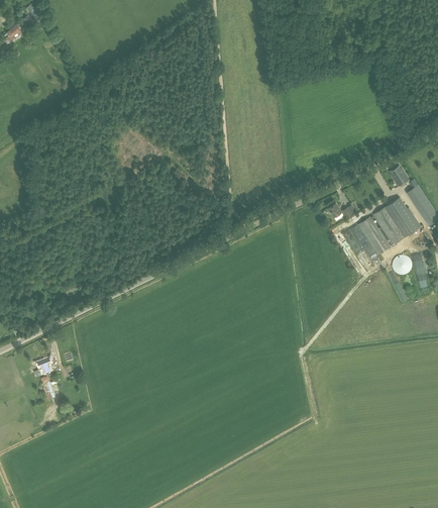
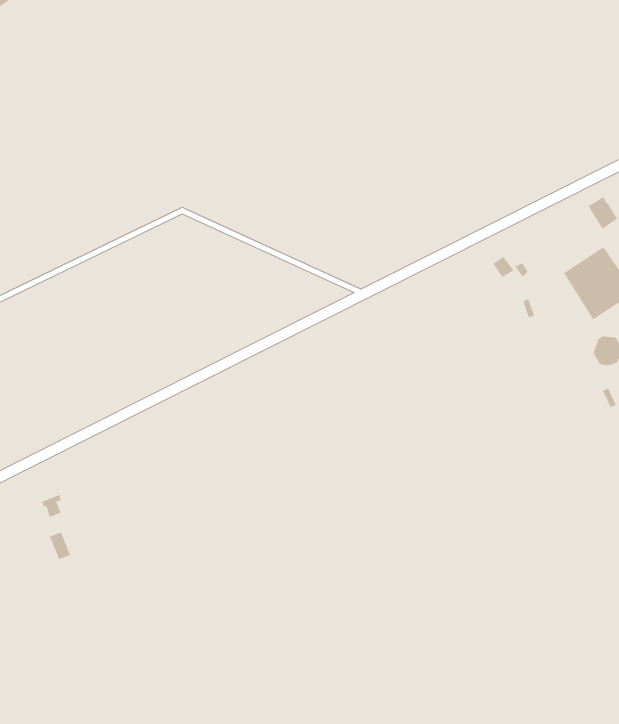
building: [357,216,390,255] -> none

